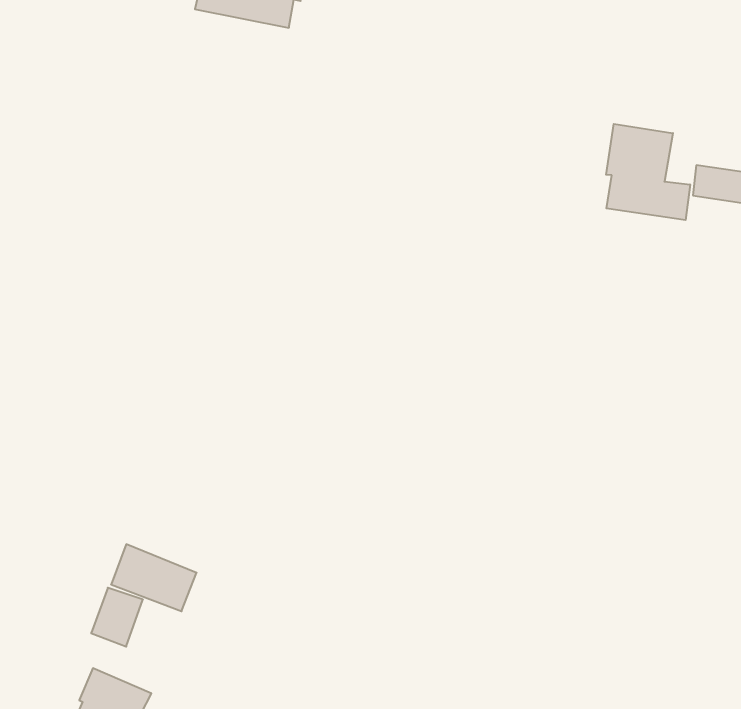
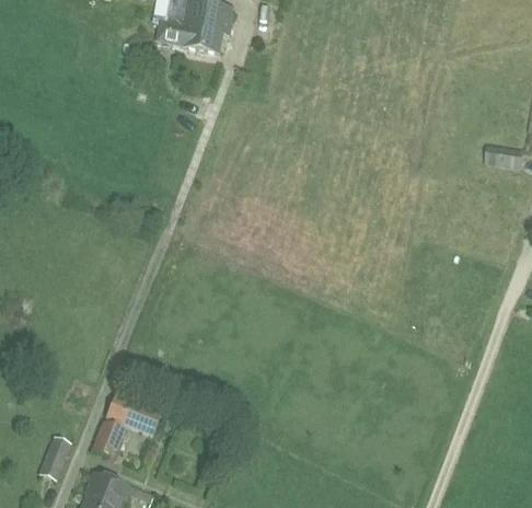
building: [606,124,690,220] -> none
building: none -> [38,435,71,480]

